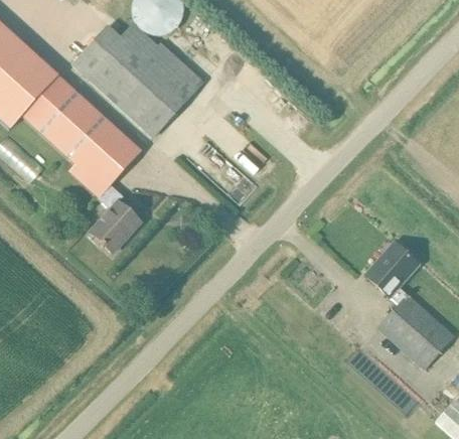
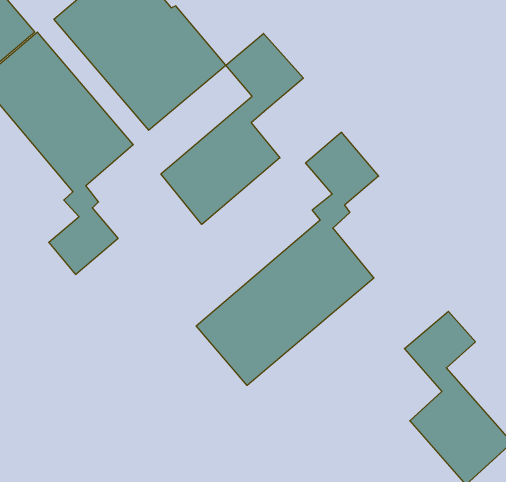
building: none -> [161,33,303,224]
building: none -> [196,132,379,385]

